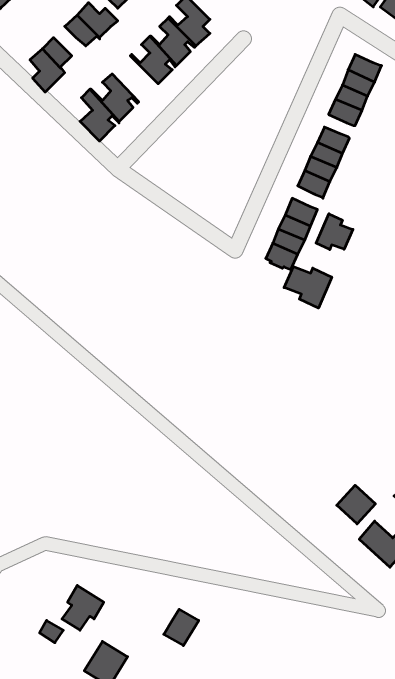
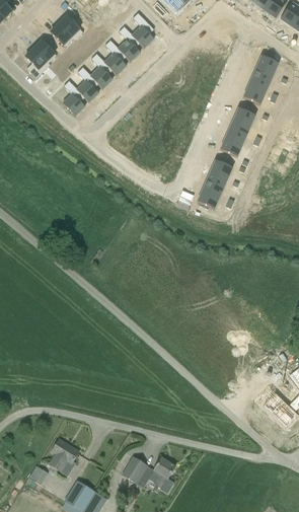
building: none -> [84,54,118,87]
building: [316,214,353,250] -> none
building: [284,267,332,308] -> none
building: [337,485,375,524] -> none
building: none -> [148,456,175,492]

